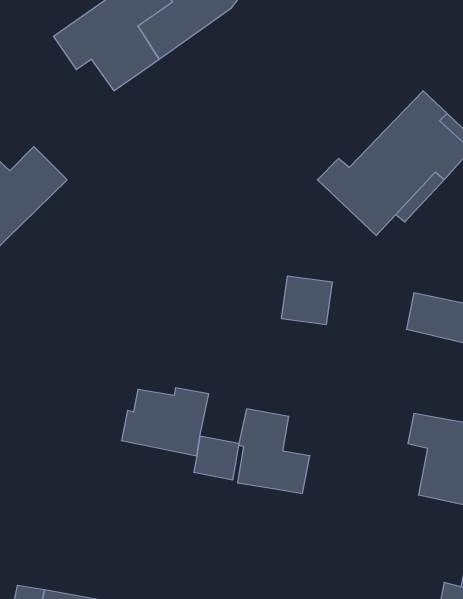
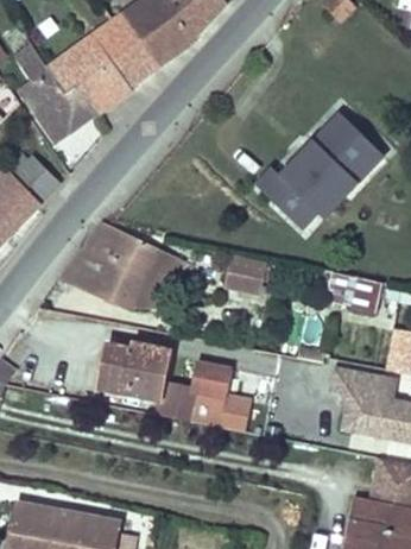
building: none -> [14,45,95,141]
building: none -> [56,220,185,310]

